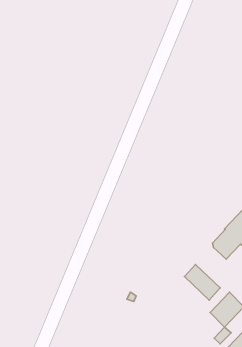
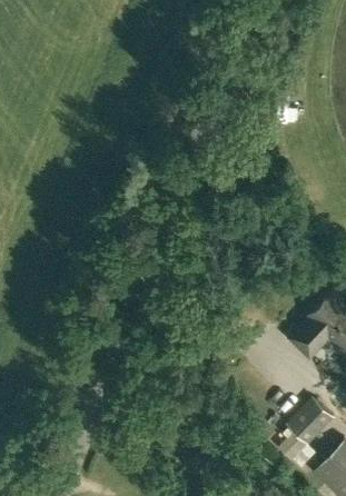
building: [185,264,220,300] -> none

